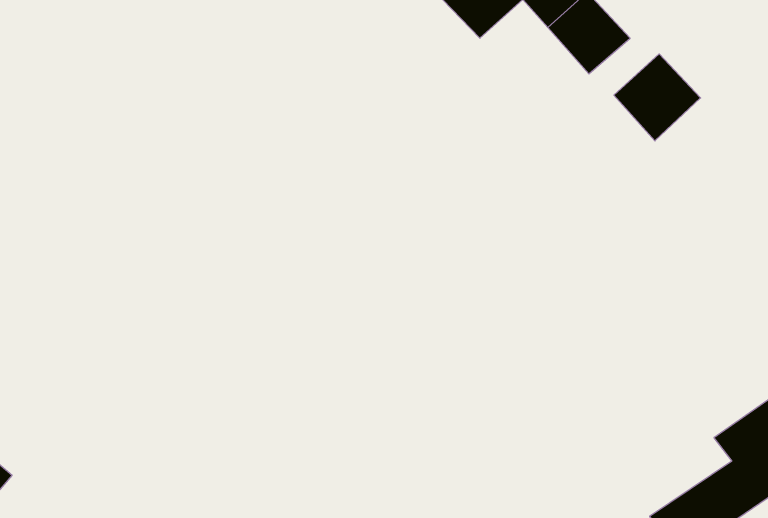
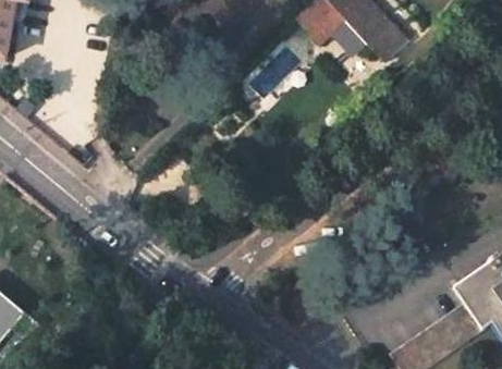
building: [614,54,701,141] -> none

